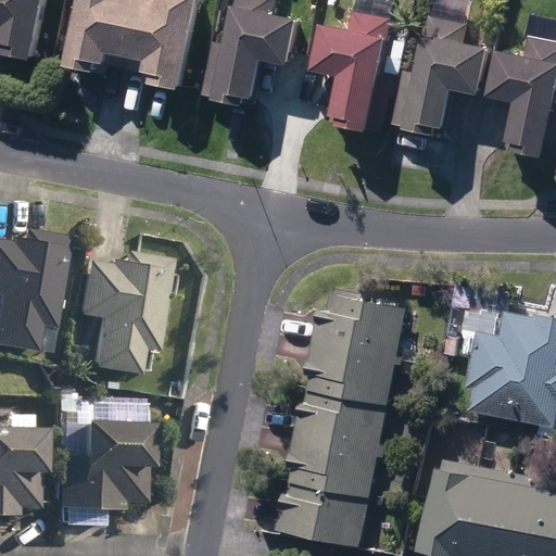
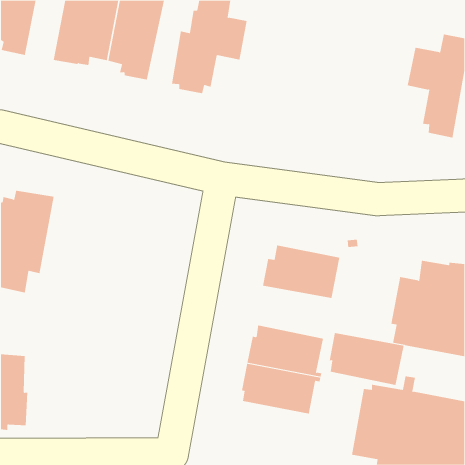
building: [309,15,392,137] -> none
building: [393,18,488,140] -> none
building: [72,249,165,372] -> none
building: [306,341,396,404] -> [329,333,404,385]
building: [52,406,141,508] -> none
building: [275,479,369,544] -> none

